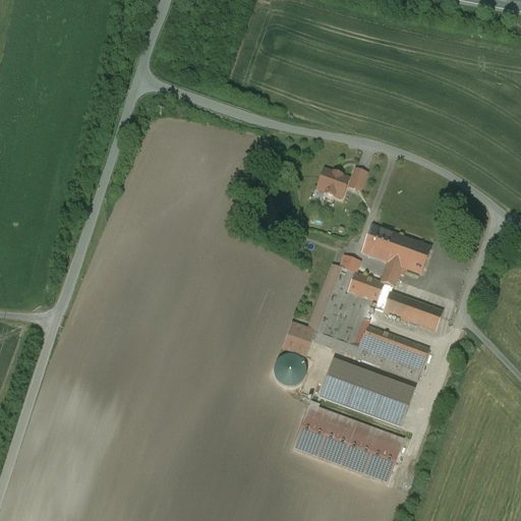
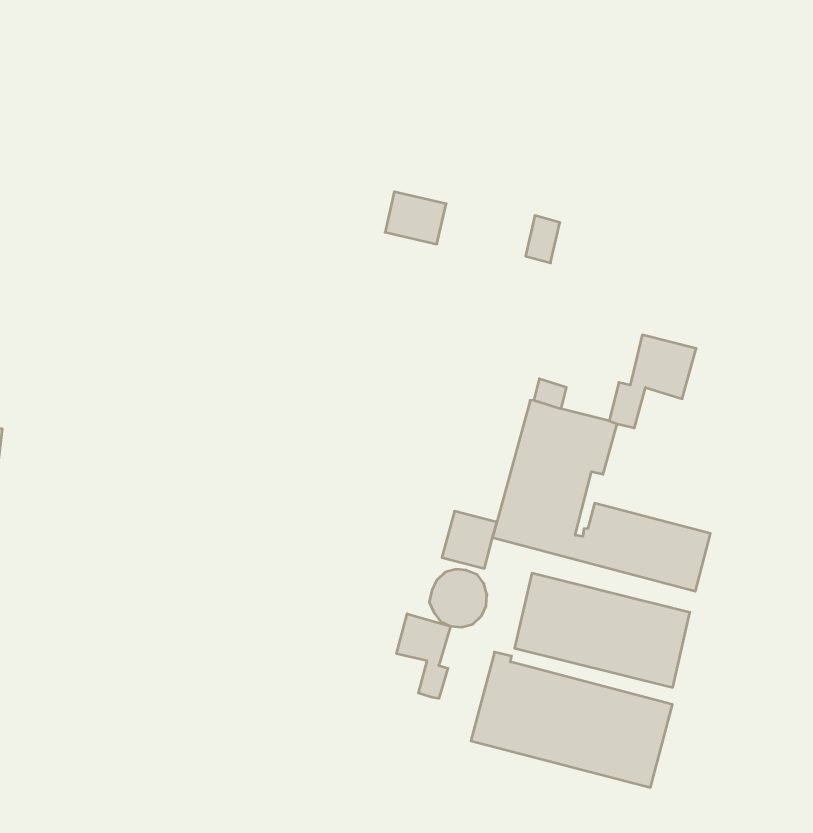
building: [313,168,348,198] -> [385,192,446,244]
building: [363,226,404,264] -> none
building: [384,292,444,331] -> none
building: none -> [397,614,450,698]

